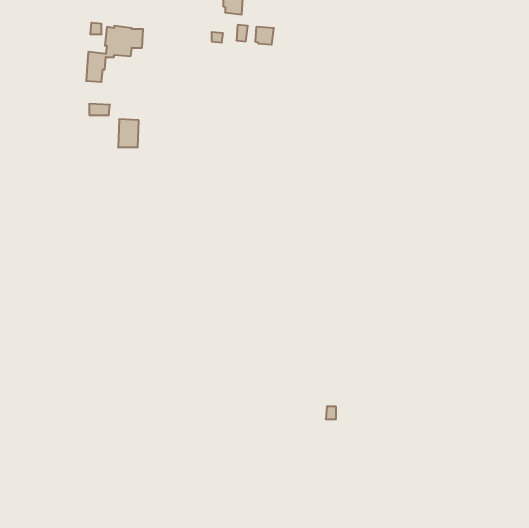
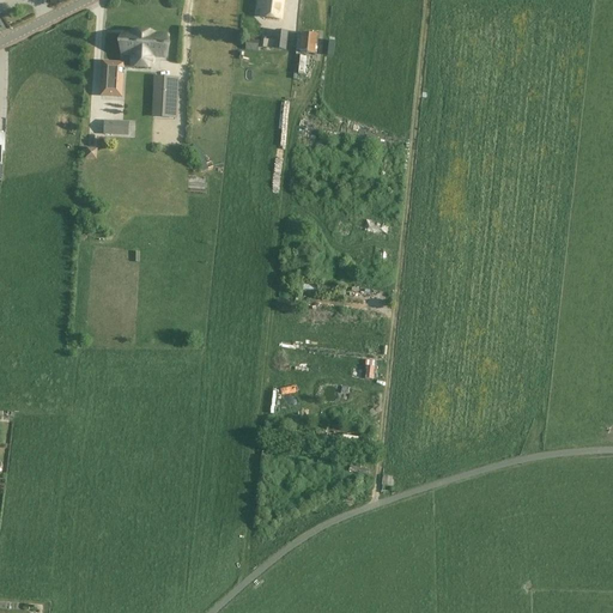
building: [118,119,139,147] -> [152,75,176,108]

